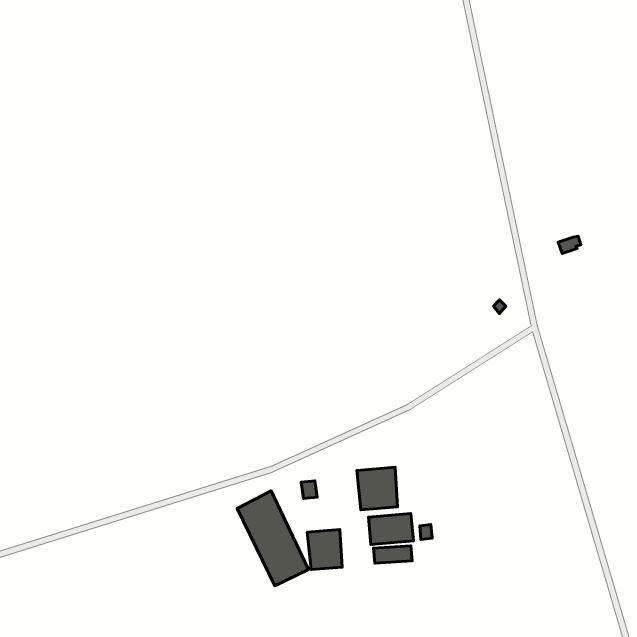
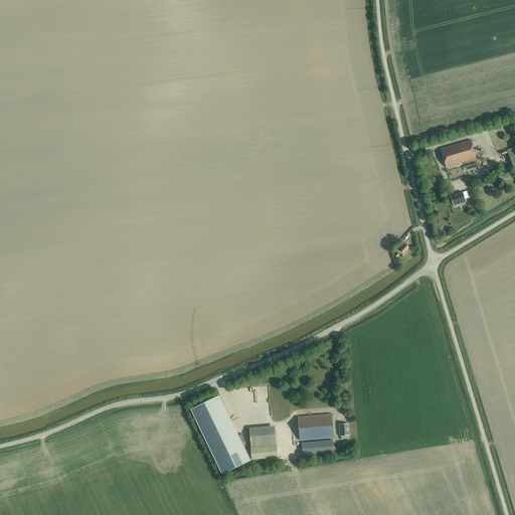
building: none -> [440,139,475,166]
building: [357,467,398,510] -> none

